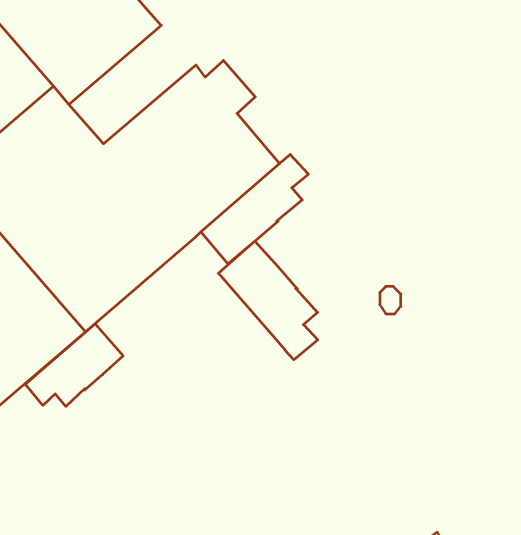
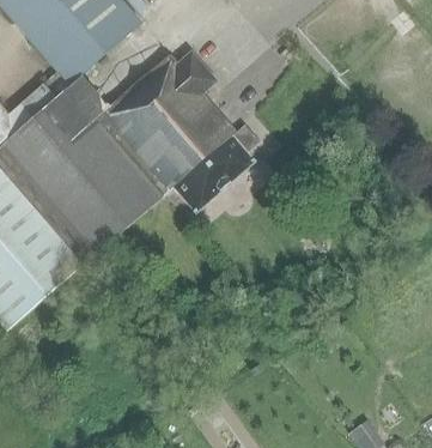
building: [218,241,318,360] -> none
building: [25,324,123,406] -> none

